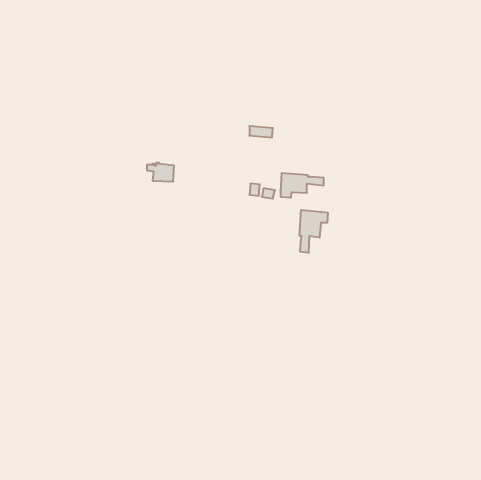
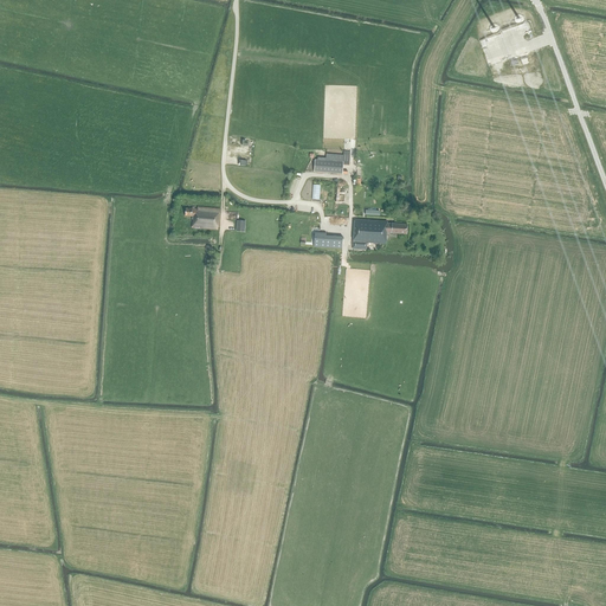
building: [299,210,328,253] -> none

